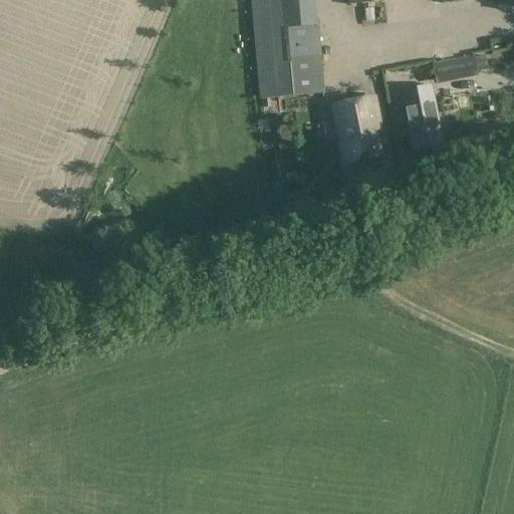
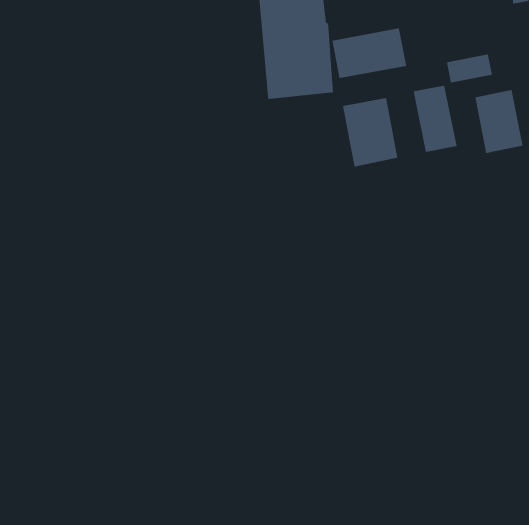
building: none -> [332,28,407,79]
building: none -> [475,89,523,154]

